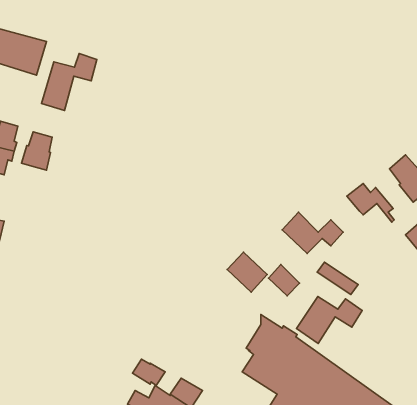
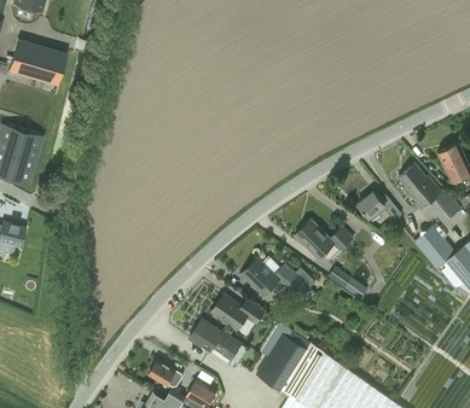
building: [41,54,97,111] -> none
building: [22,132,52,170] -> none
building: none -> [211,295,265,331]
building: [297,297,362,344] -> none
building: none -> [188,321,240,361]

